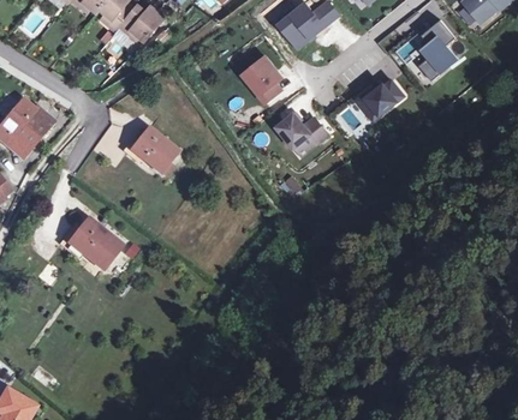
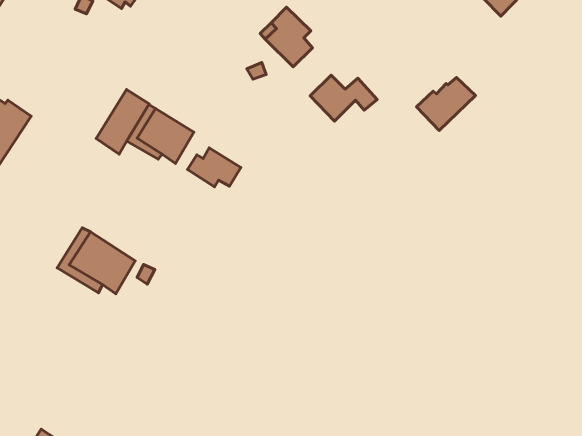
building: [356,80,403,120] -> [416,78,475,131]
building: none -> [96,90,149,154]
building: none -> [187,148,241,187]

